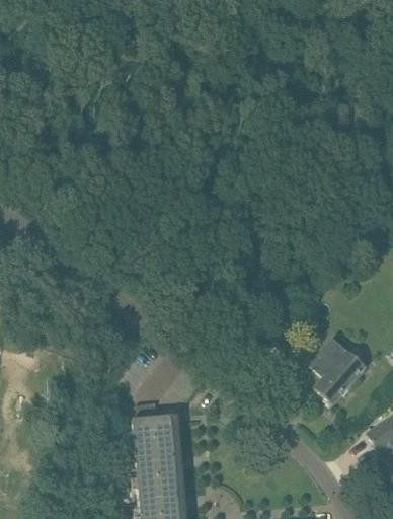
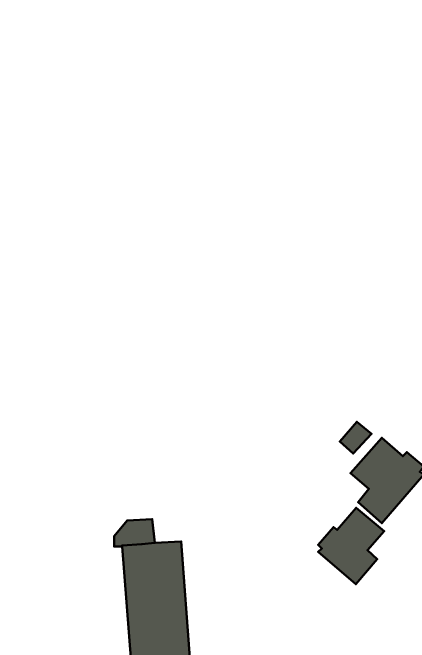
building: none -> [318,508,384,584]

